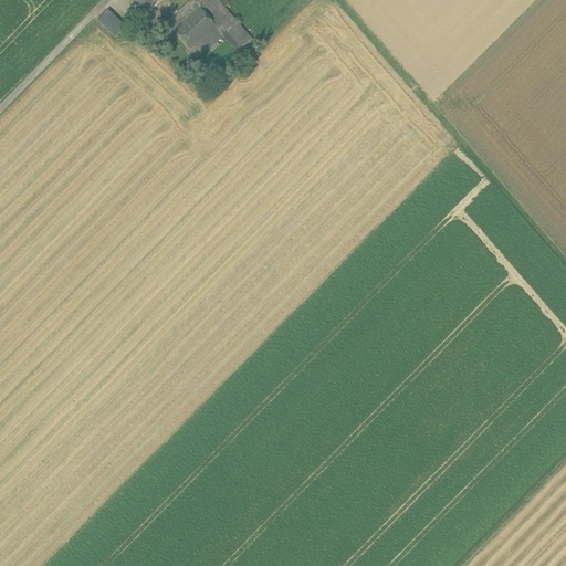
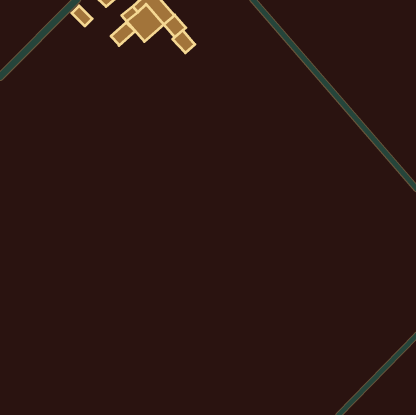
building: none -> [111,23,135,46]
building: none -> [173,30,195,53]

